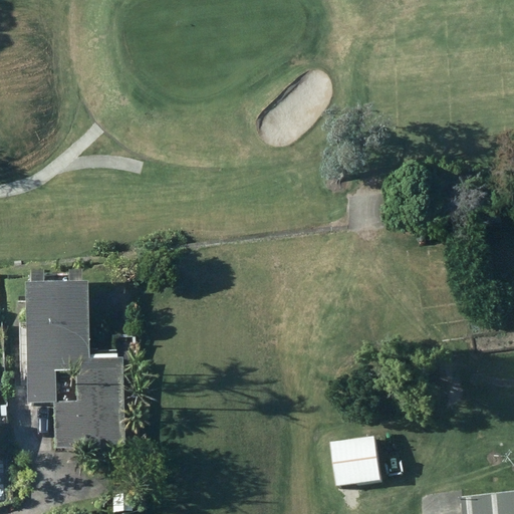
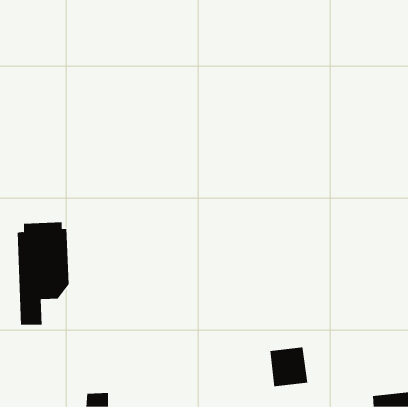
building: [54,355,124,453] -> none

